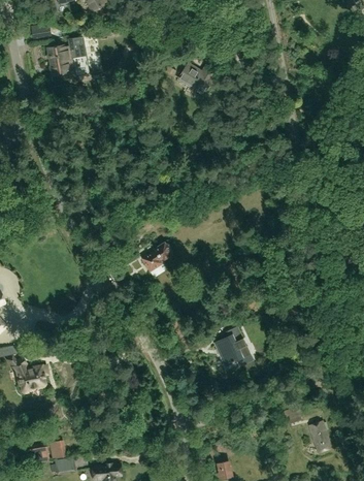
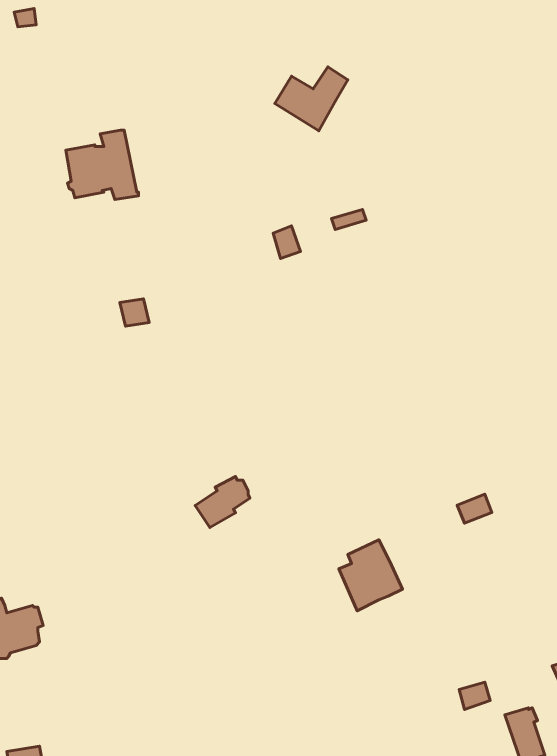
building: [47,38,89,77] -> [66,130,139,200]
building: [141,244,172,272] -> [195,476,250,527]

